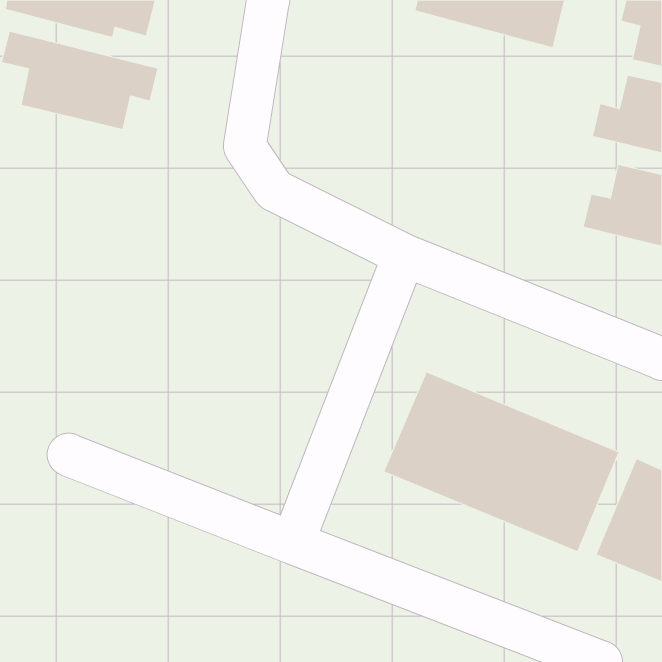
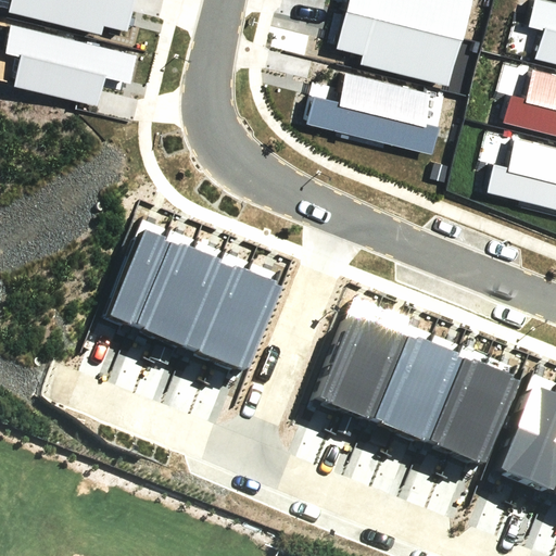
building: none -> [337,9,464,87]
building: none -> [308,74,443,153]
building: none -> [111,232,276,369]

